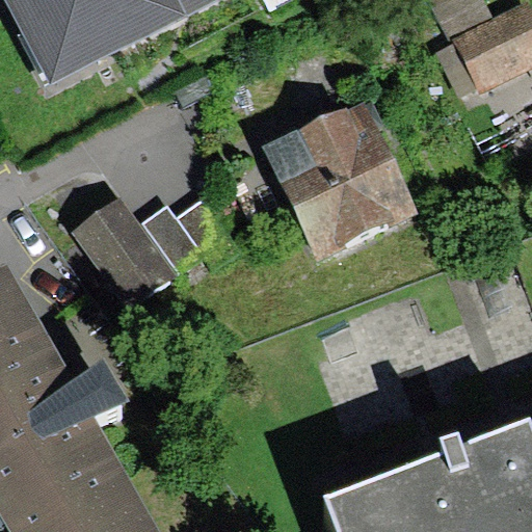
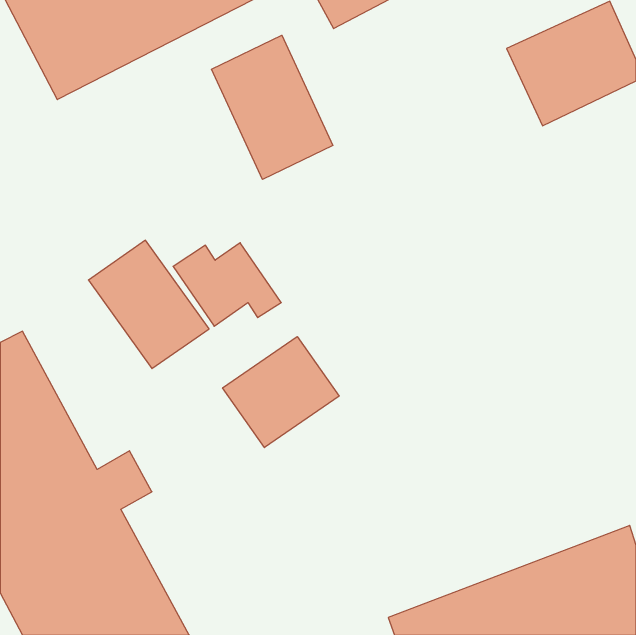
building: none -> [212,35,333,179]
building: [263,100,415,260] -> none
building: none -> [223,337,339,448]

